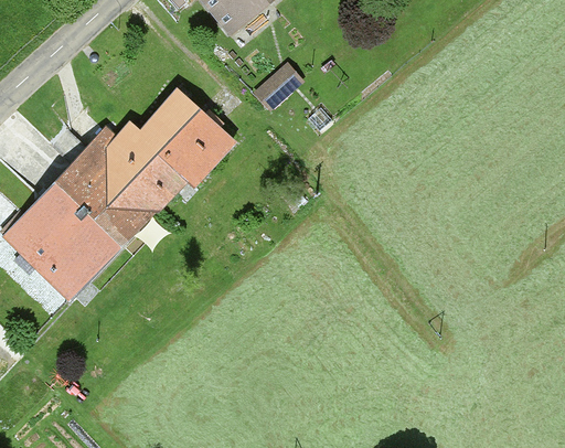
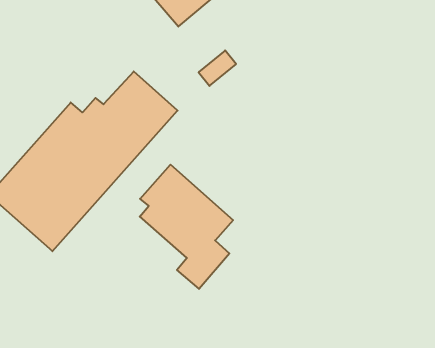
building: none -> [140,165,233,289]

